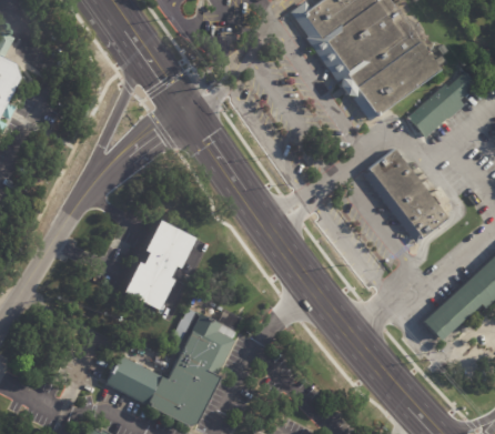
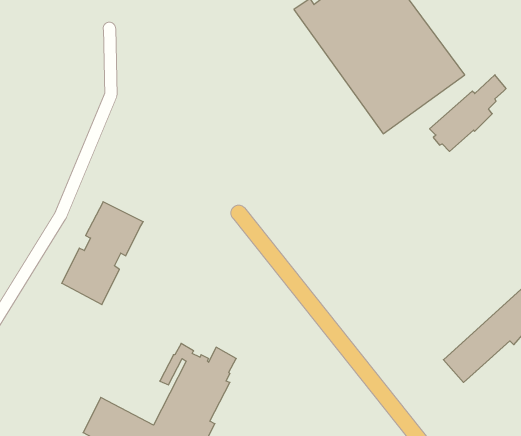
building: [363,147,449,242] -> none
building: [127,214,199,305] -> [62,202,143,305]

